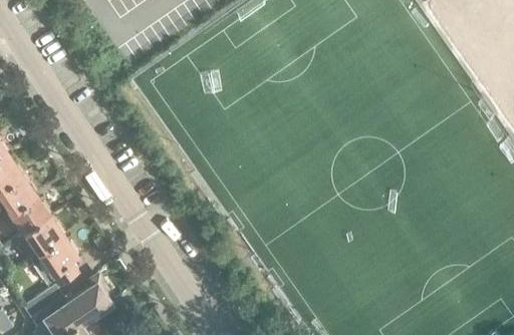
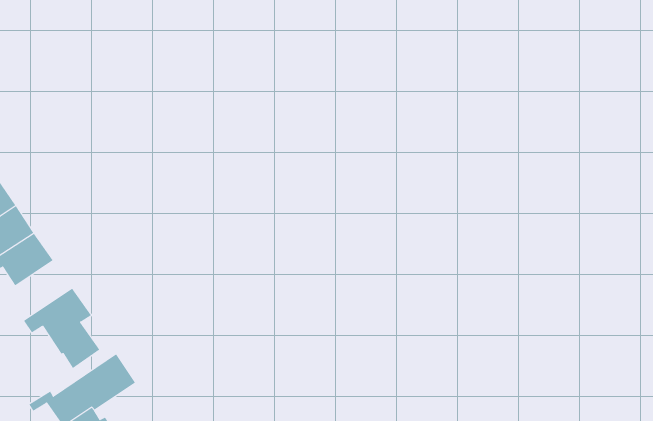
building: [16,216,63,258] -> none
building: [21,283,61,318] -> none

